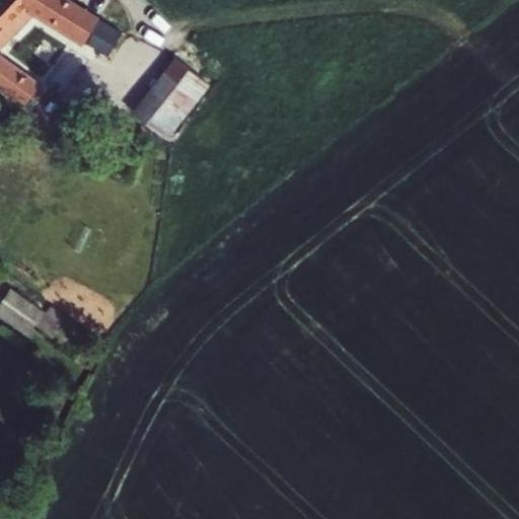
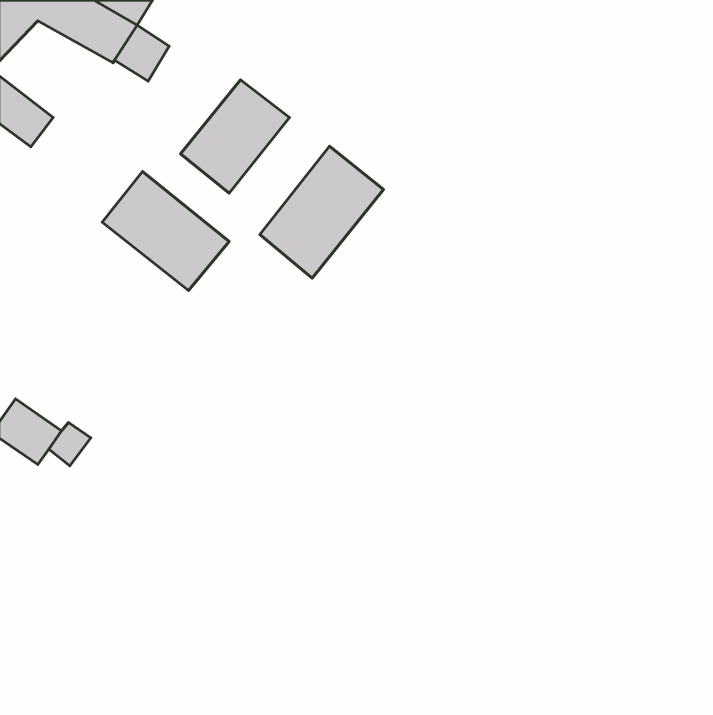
building: none -> [260,146,383,278]
building: none -> [102,172,229,290]

